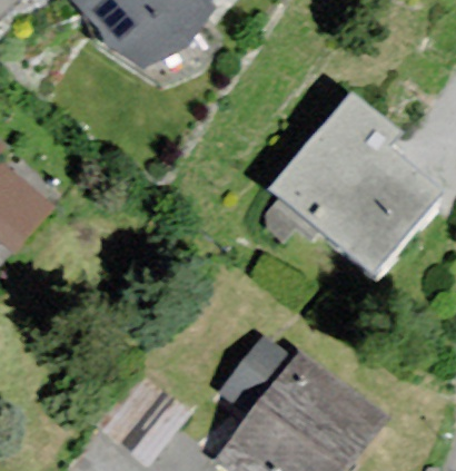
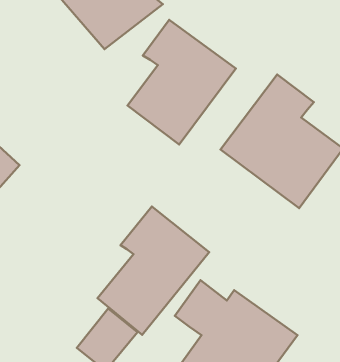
building: none -> [127,20,236,144]
building: none -> [98,207,209,335]

